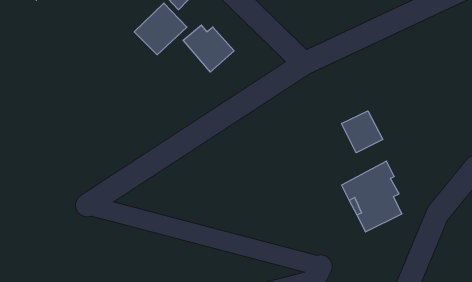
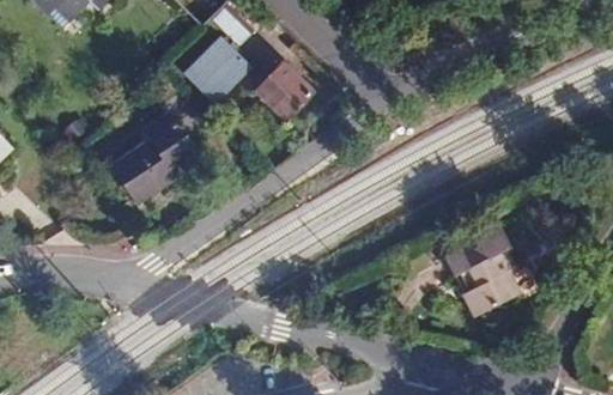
building: none -> [114,109,199,200]
building: [342,111,383,153] -> none

